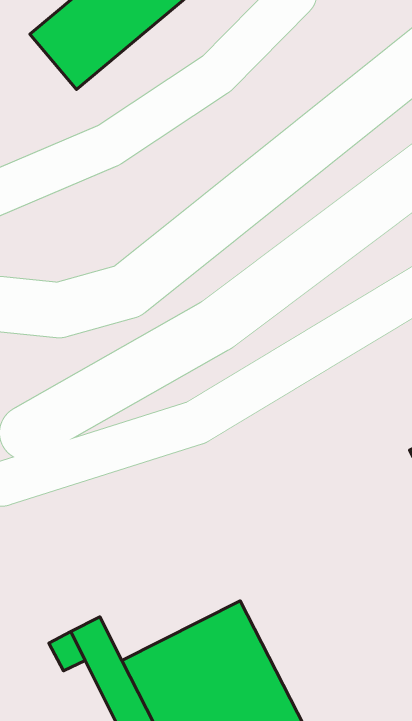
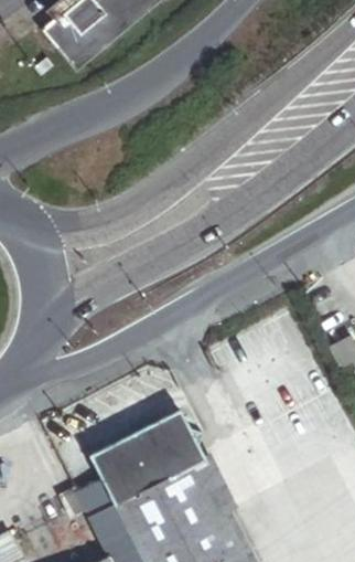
building: none -> [90,412,204,506]

